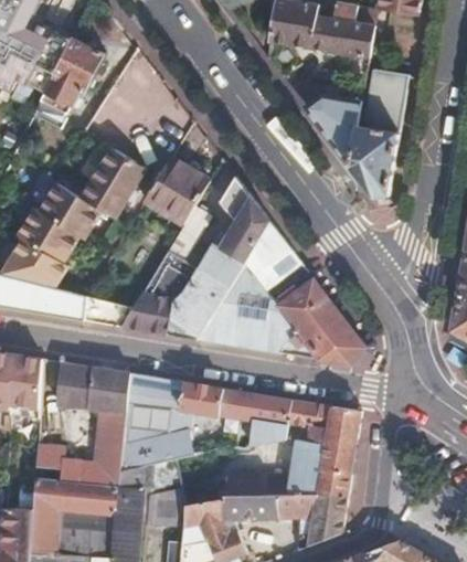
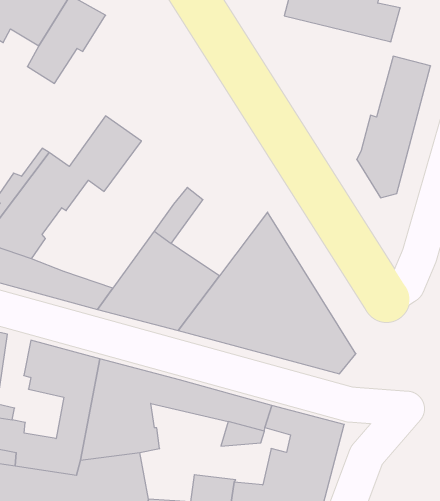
building: [301,92,359,166] -> none
building: [144,156,209,223] -> none
building: [200,177,269,285] -> none

